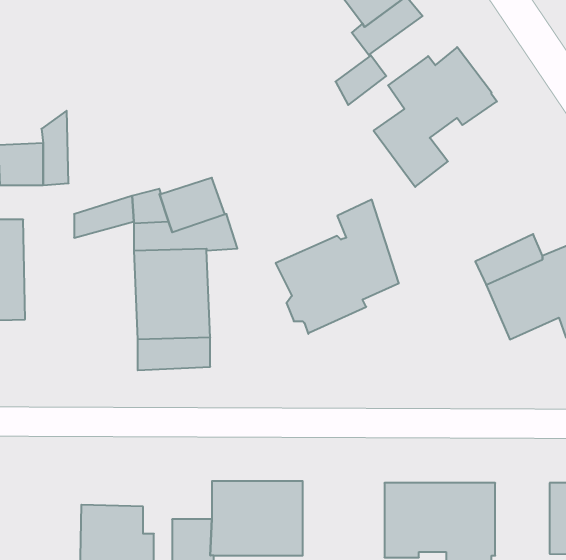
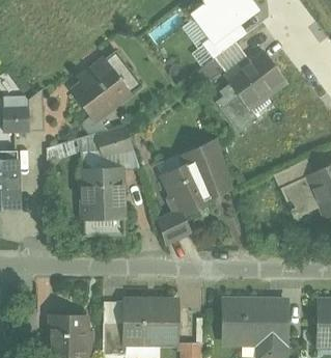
building: none -> [72,58,130,120]
building: none -> [158,210,189,243]

